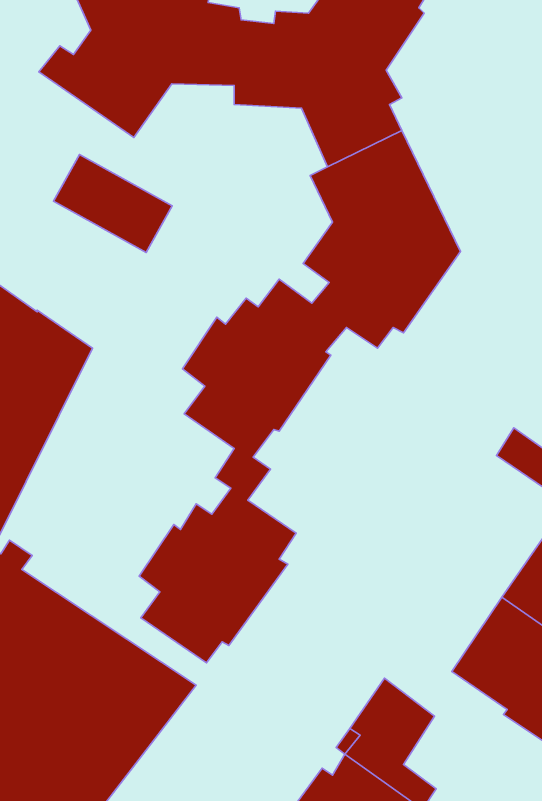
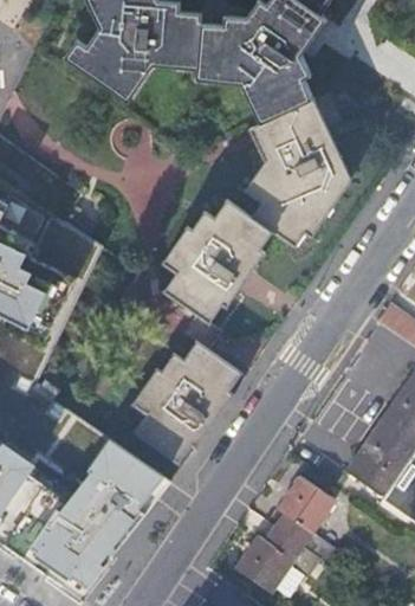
building: [54,155,172,252] -> none

